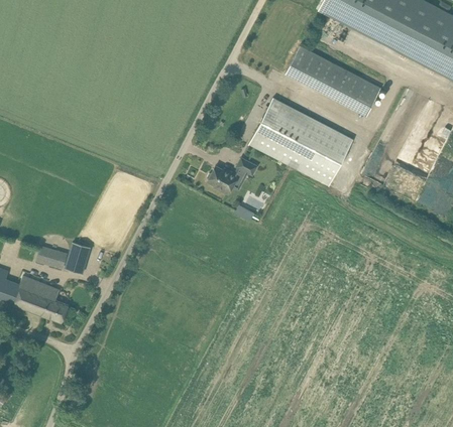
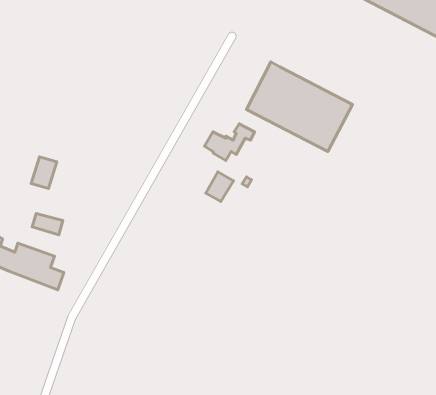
building: [286,45,380,115] -> none
building: none -> [206,172,233,202]
building: [65,242,90,273] -> [31,157,57,188]

